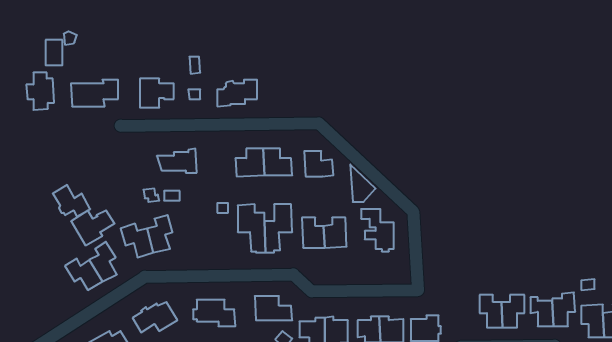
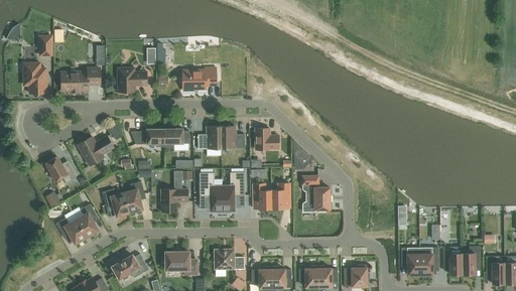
building: none -> [164,126,189,146]
building: [71,210,115,245] -> [78,136,114,165]
building: none -> [161,189,188,211]

